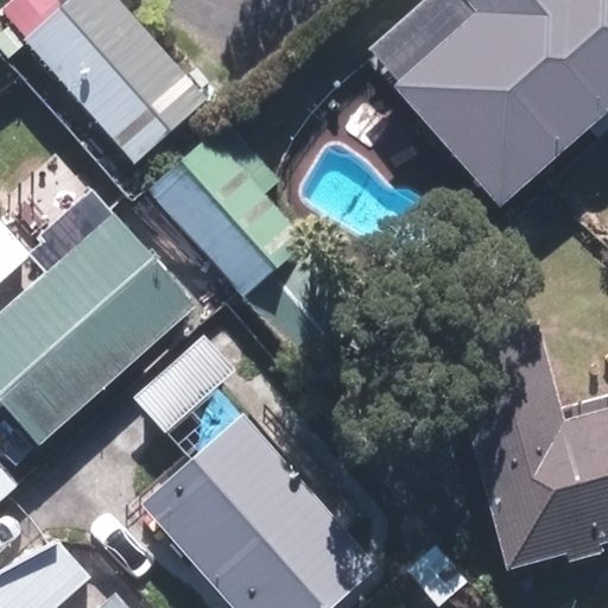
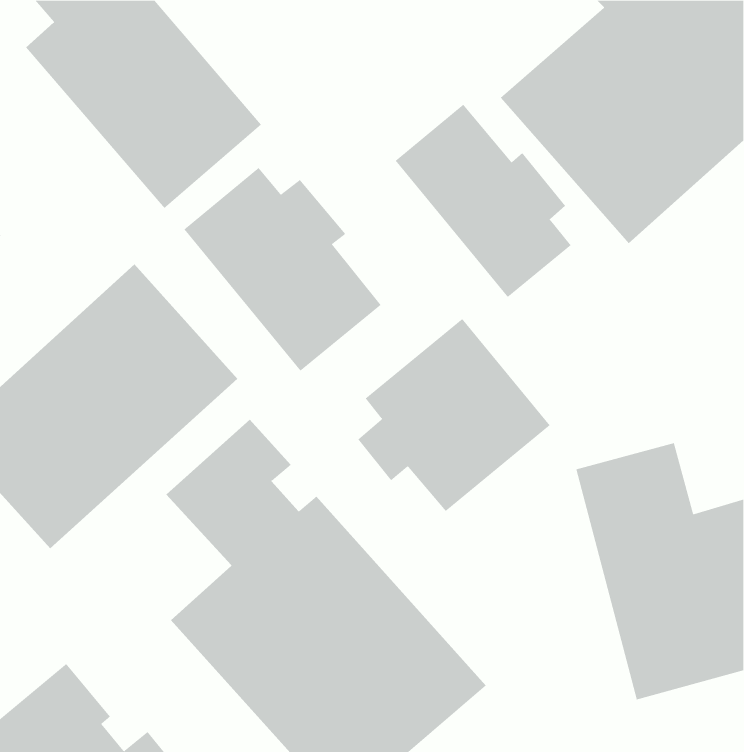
building: none -> [395,104,572,298]
building: none -> [358,318,550,512]

